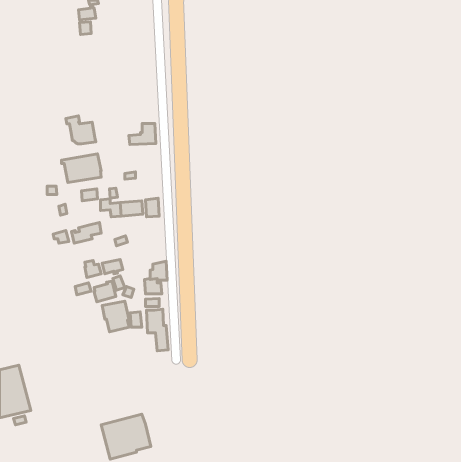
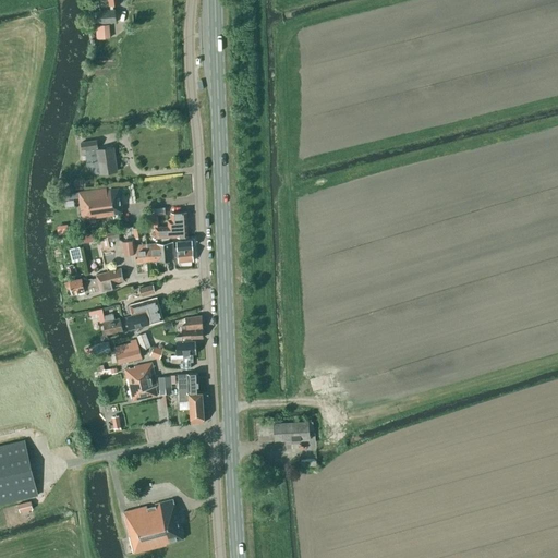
building: [129,124,156,144] -> [154,213,186,238]
building: none -> [129,298,161,324]
building: none -> [271,422,308,441]

